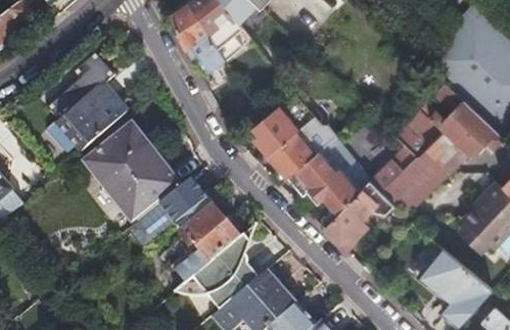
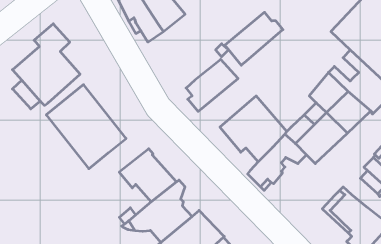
building: [267,115,335,178] -> [225,12,283,65]
building: [158,178,208,231] -> none

